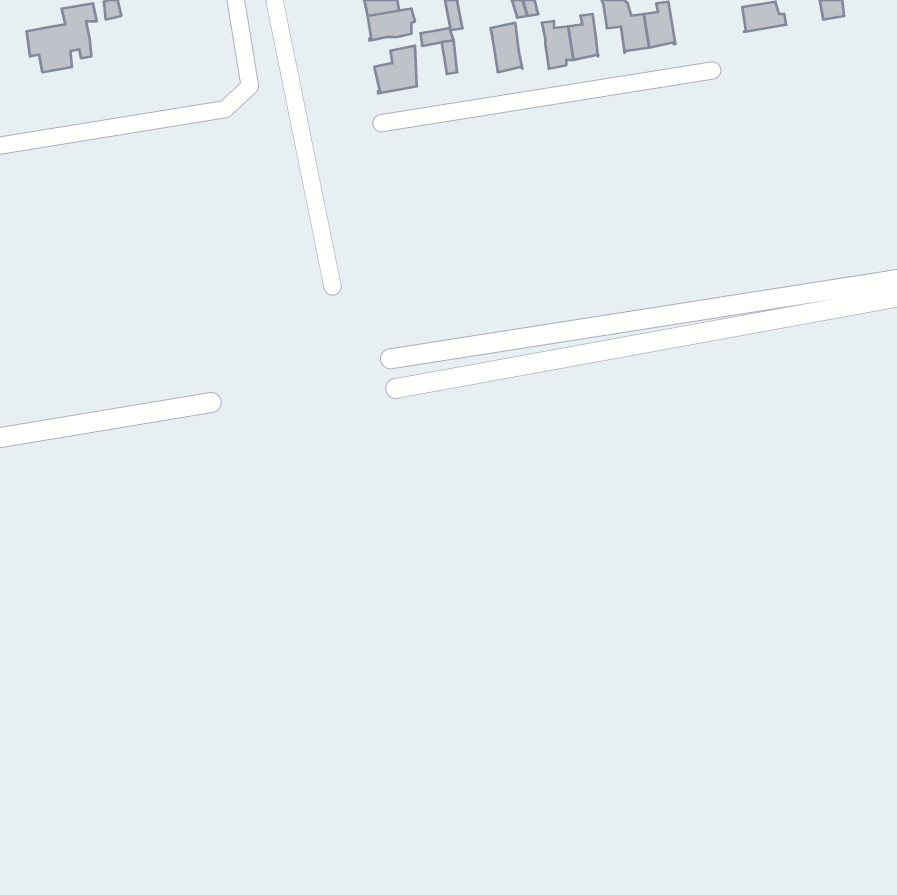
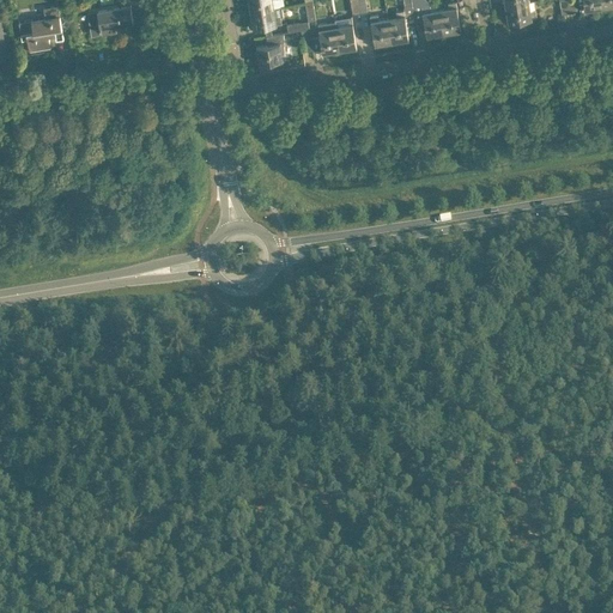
building: none -> [89,7,132,35]
building: none -> [317,23,339,56]

